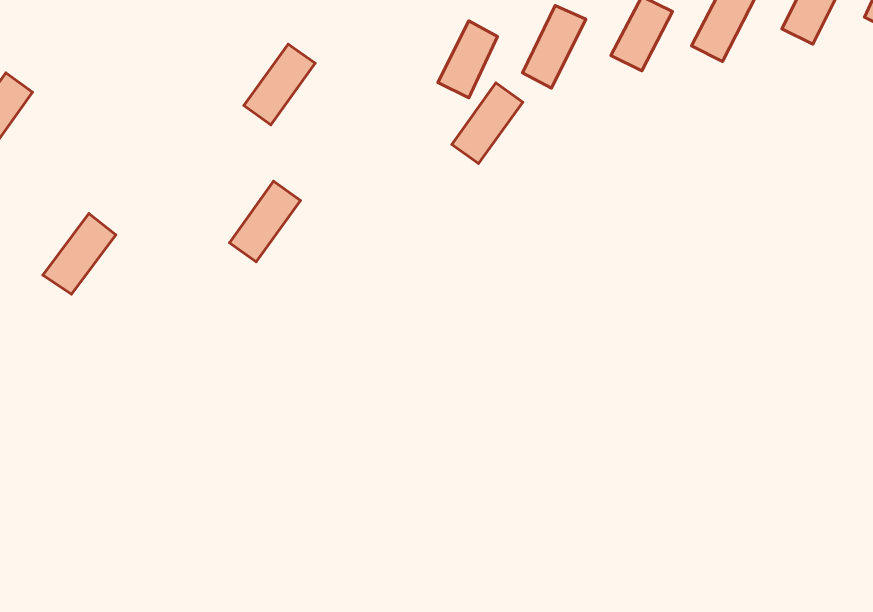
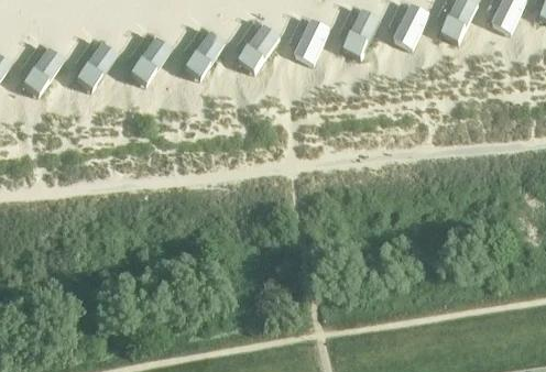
building: [452,83,523,164] -> [236,26,276,73]
building: [229,181,300,262] -> [127,39,167,85]
building: [43,214,116,294] -> [72,44,113,90]

